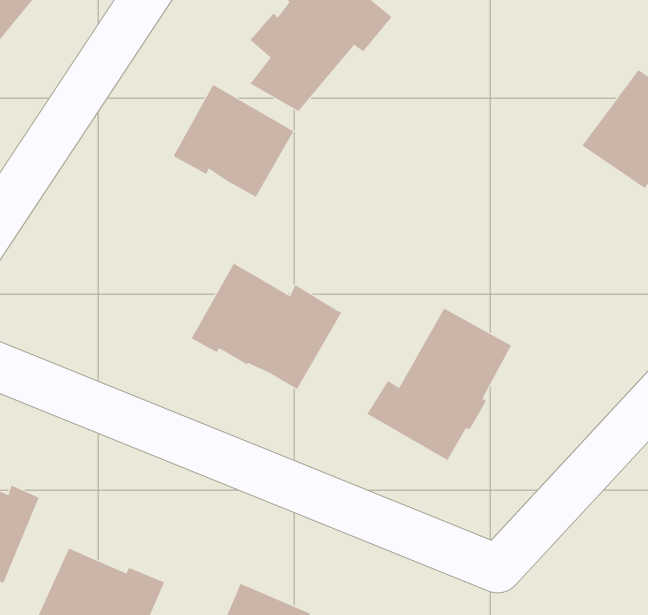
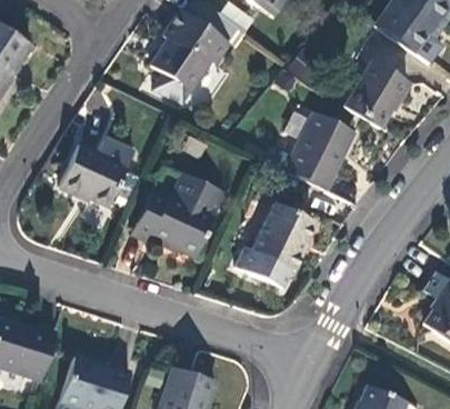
building: [173,84,294,197] -> [61,143,128,204]
building: none -> [286,111,357,189]
building: none -> [173,172,223,209]

